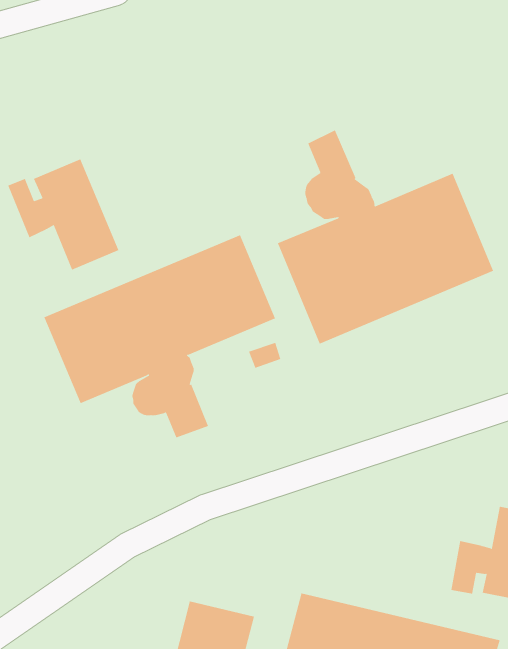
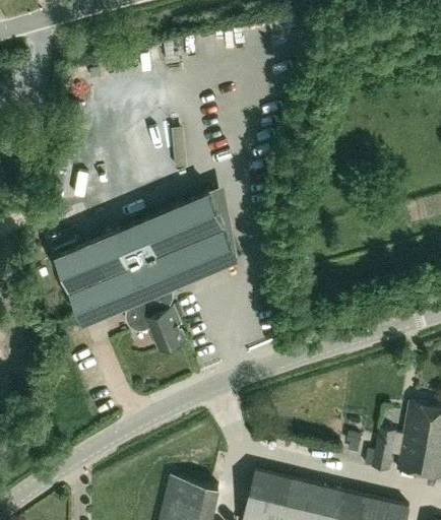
building: [277,129,494,344] -> none
building: [7,159,119,270] -> none

